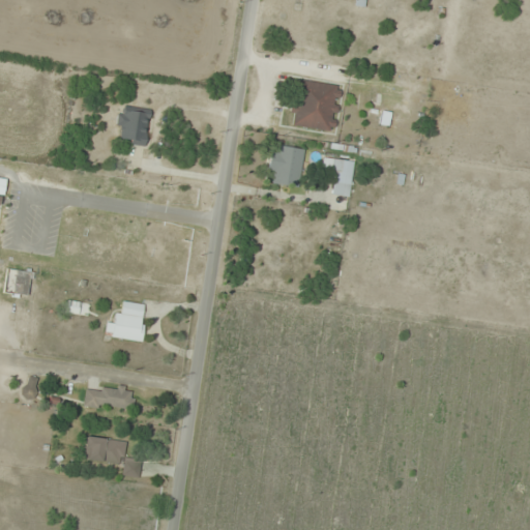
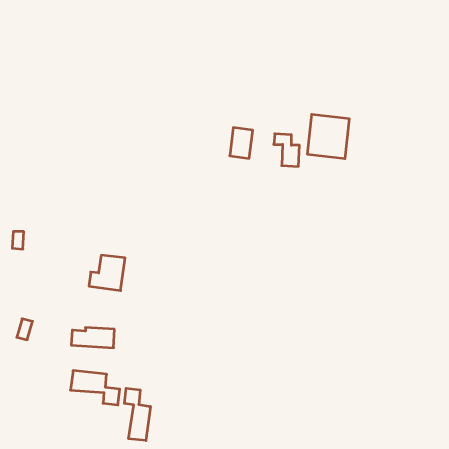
building: [292,79,342,130] -> [307,114,349,159]
building: [117,109,150,145] -> none
building: none -> [124,388,150,441]

